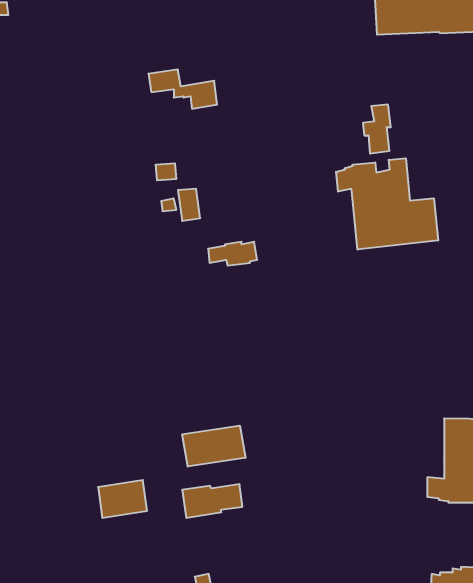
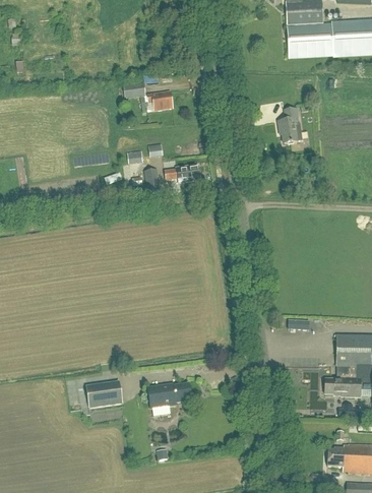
building: [336,158,438,250] -> none
building: [208,242,257,266] -> [165,165,200,182]
building: [182,426,245,467] -> none

